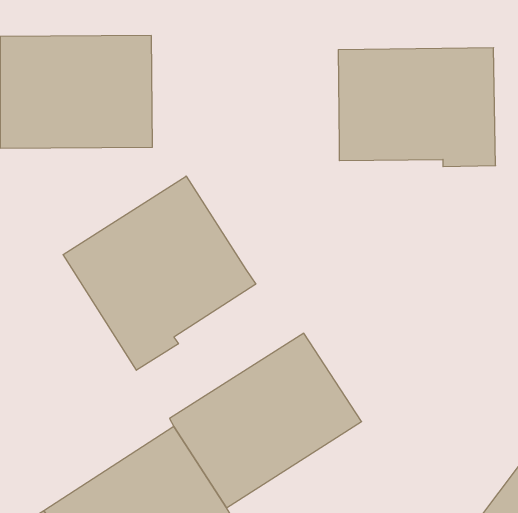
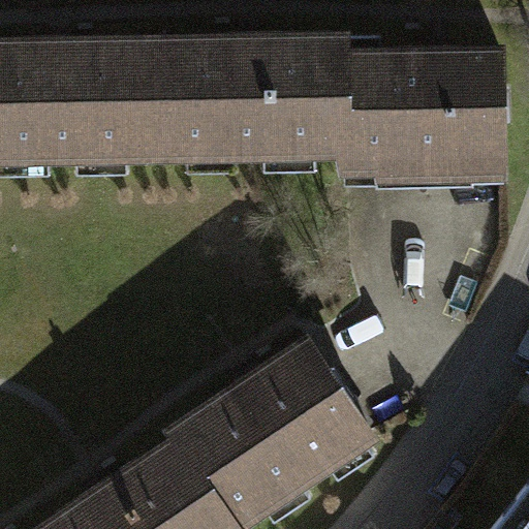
building: none -> [155,41,346,156]
building: [63,176,256,370] -> none

